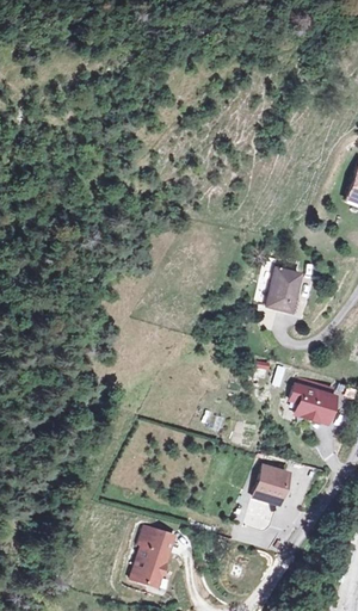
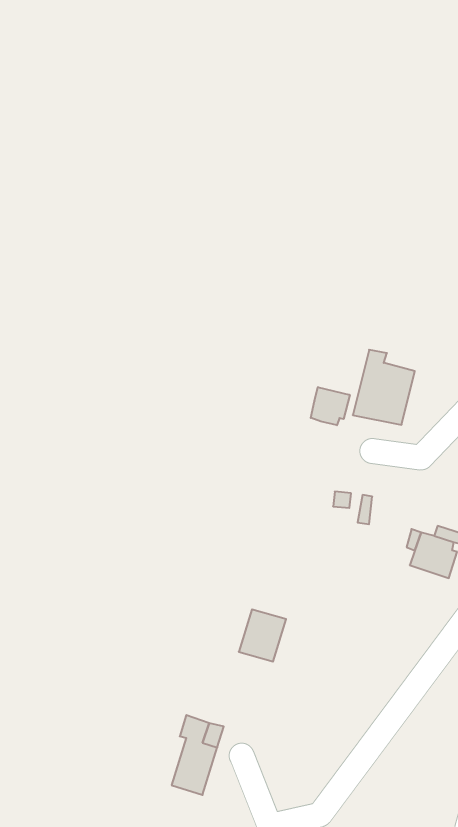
building: none -> [311,387,350,425]
building: [246,463,280,501] -> [239,609,286,662]

